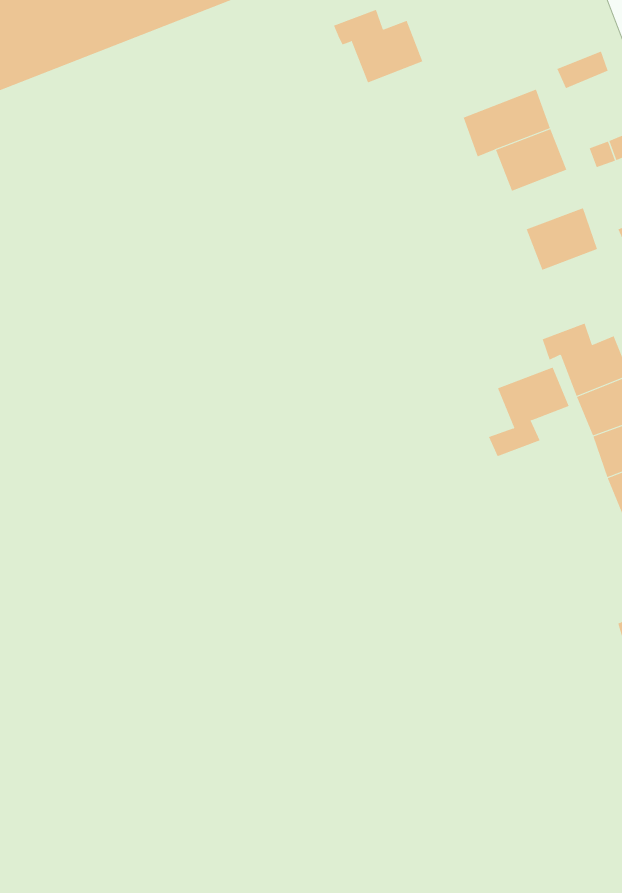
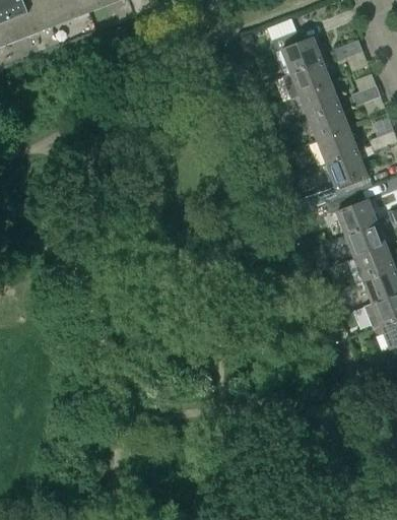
building: [333,9,423,83] -> [272,29,323,71]
building: none -> [309,105,349,138]
building: [488,367,569,457] -> [321,149,367,200]

